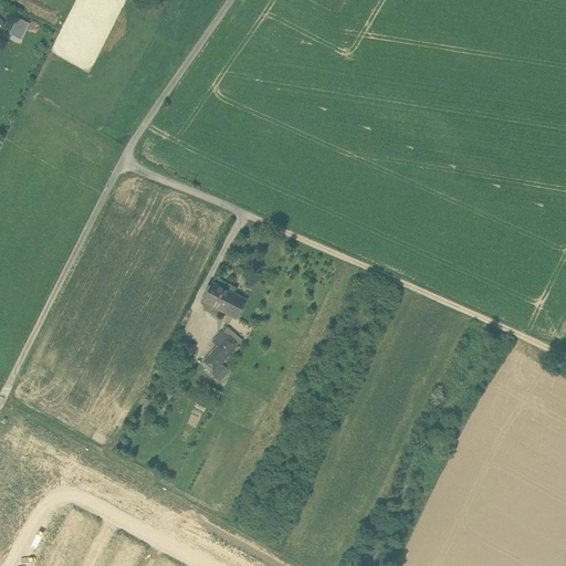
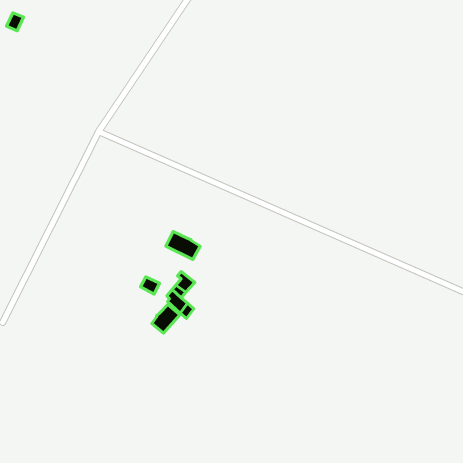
building: none -> [152,304,180,333]

